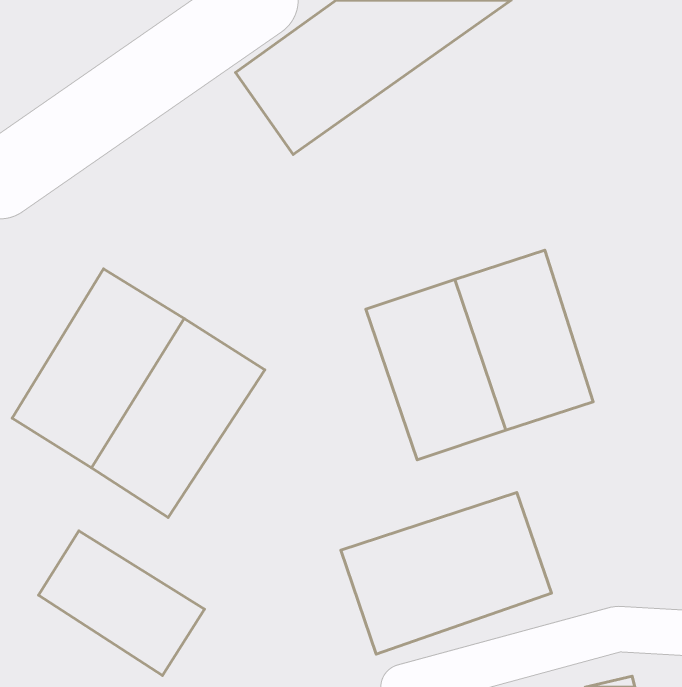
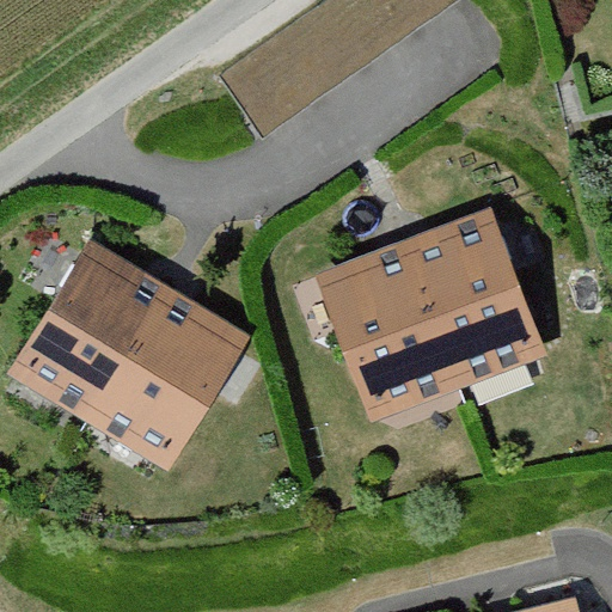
building: [341,492,551,654] -> none
building: [38,531,205,675] -> none

